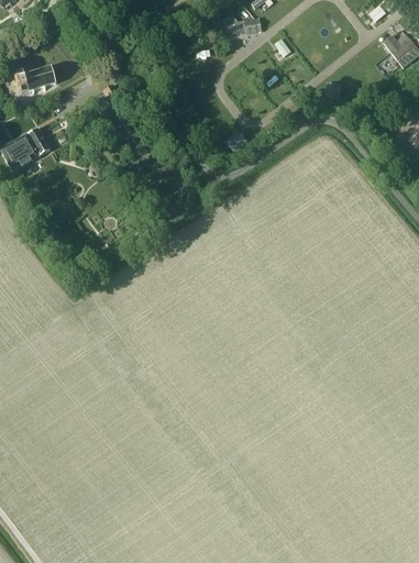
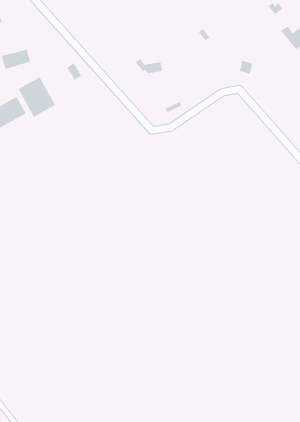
building: [224,13,261,34] -> [135,58,163,74]
building: none -> [17,76,56,118]

